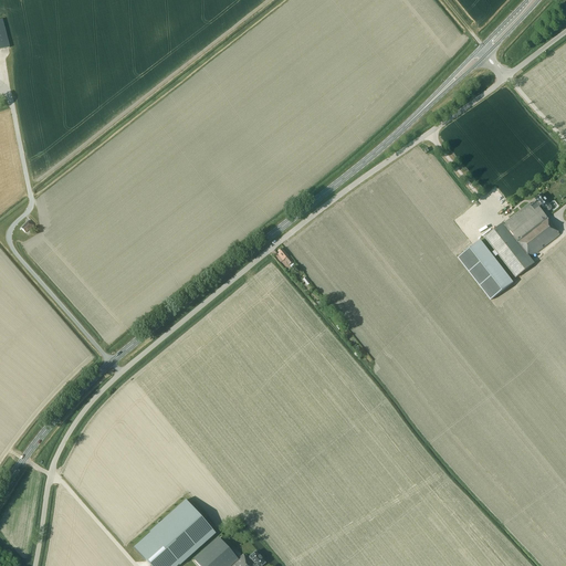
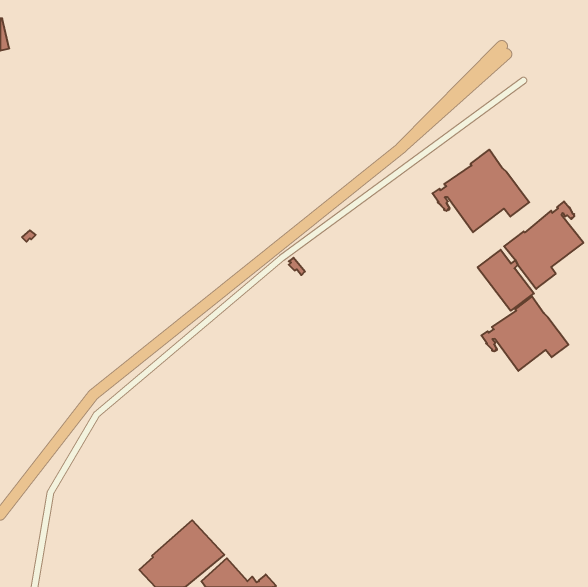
building: none -> [432,150,529,232]
building: none -> [481,297,568,371]

